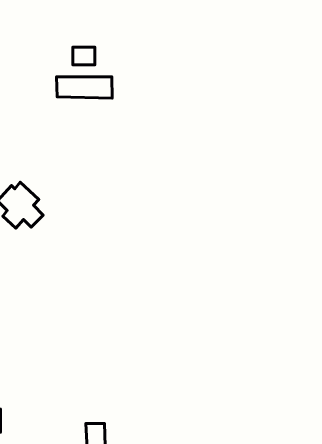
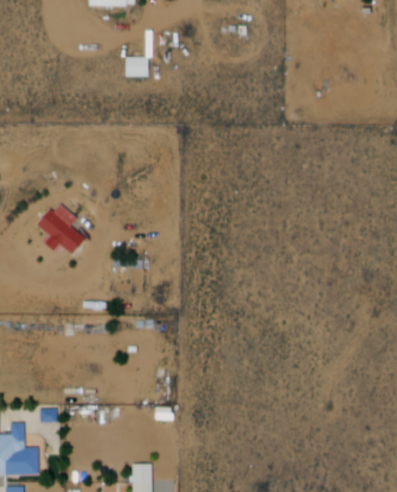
building: [57,77,112,98] -> none

